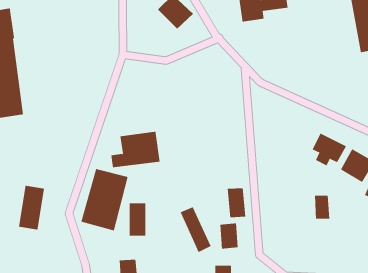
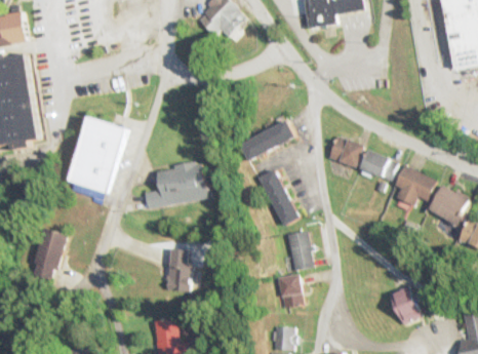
building: none -> [239,121,294,160]
building: none -> [327,134,363,167]
building: none -> [360,149,397,181]
building: [80,169,129,231] -> [67,117,126,194]
building: [314,195,330,219] -> [395,291,414,321]
building: [180,206,212,253] -> [260,169,298,227]

